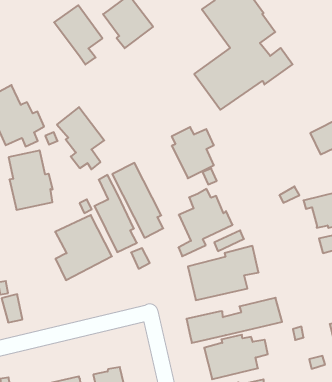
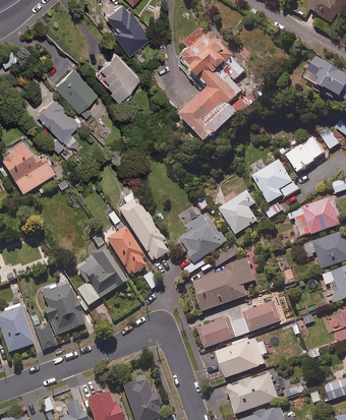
building: [57,107,104,169] -> [36,96,78,148]
building: [172,127,214,178] -> [218,189,257,234]
building: none -> [252,159,298,202]
building: [9,150,53,210] -> [42,282,84,336]

